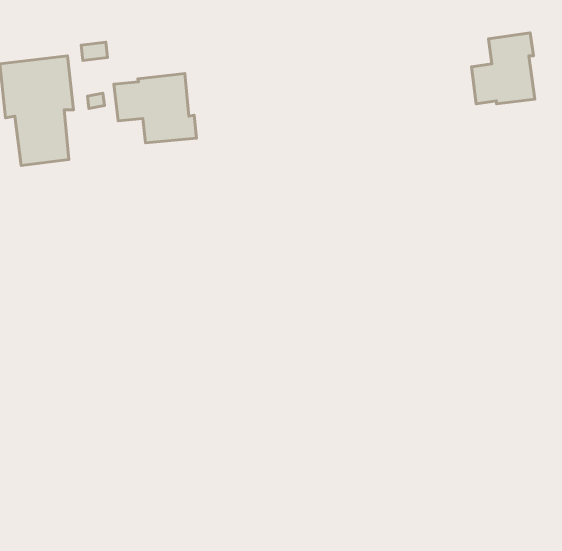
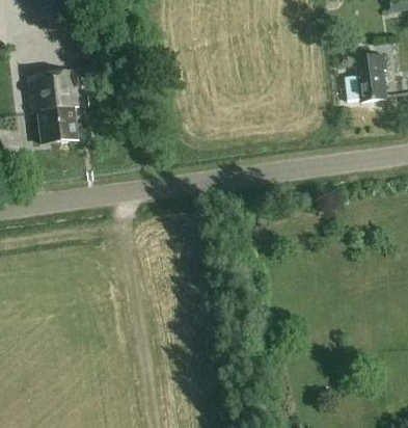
building: [114,73,197,143] -> none

